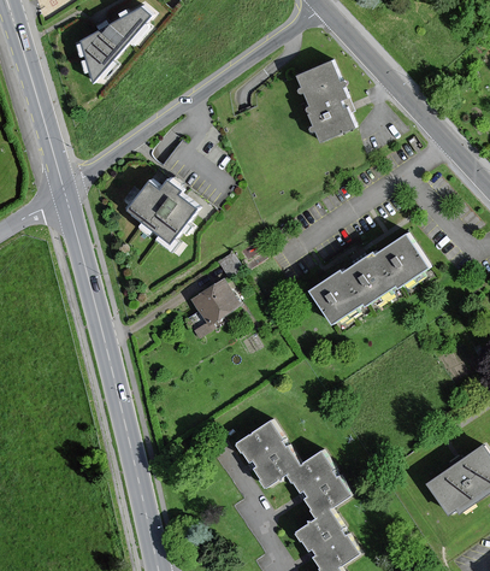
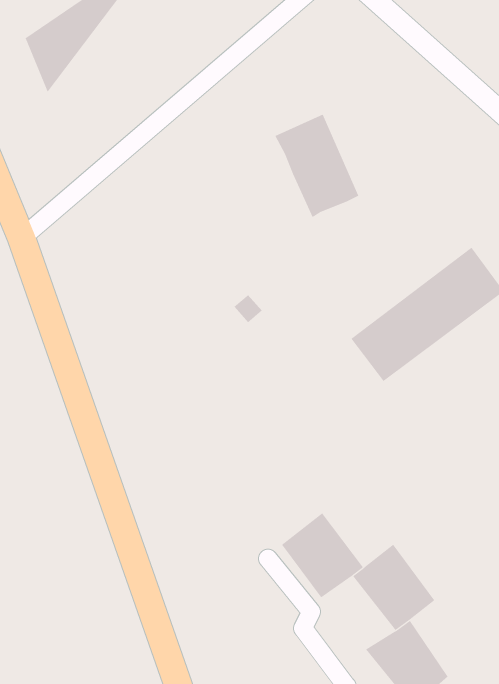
building: [294,63,354,141] -> [275,114,359,218]
building: [129,178,197,241] -> none
building: [189,278,238,339] -> none

